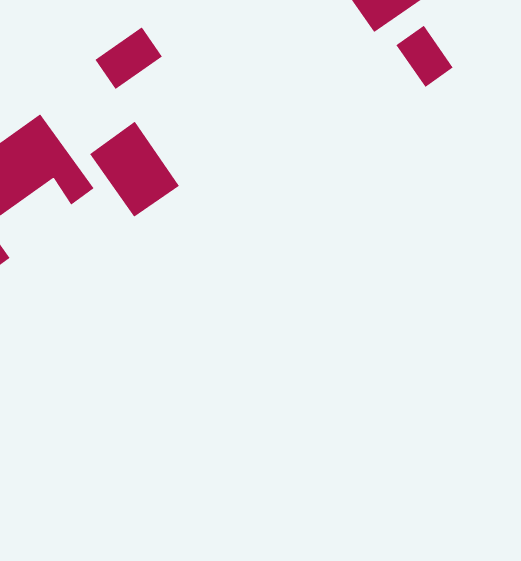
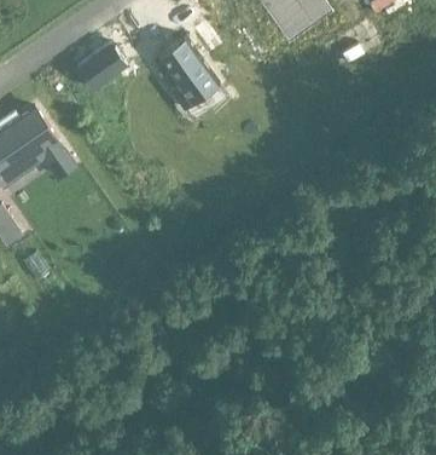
building: [396,25,454,88] -> none
building: [89,121,180,217] -> [150,36,219,110]

